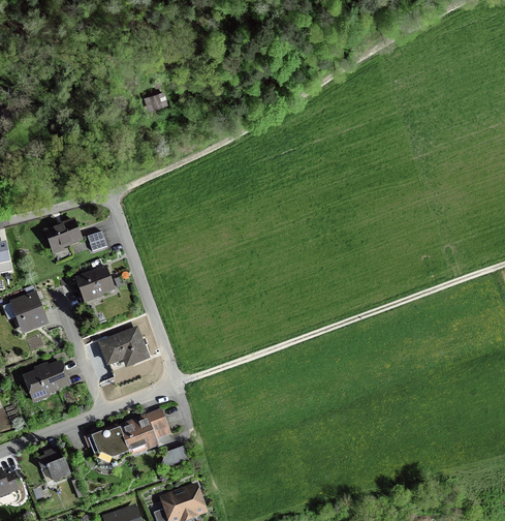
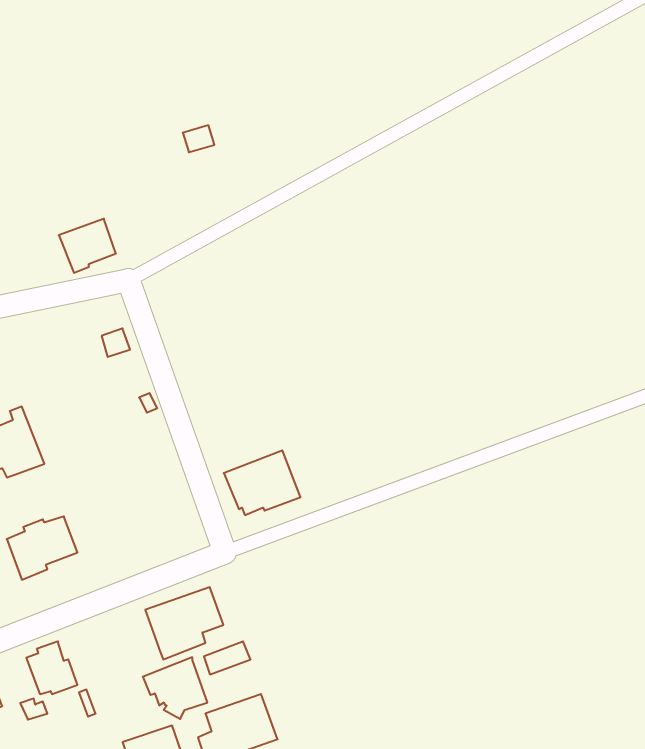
building: [43,217,83,254] -> [59,219,116,273]
building: [74,265,116,303] -> none
building: [97,326,150,370] -> [224,450,301,515]
building: [84,422,128,464] -> [143,657,207,719]

